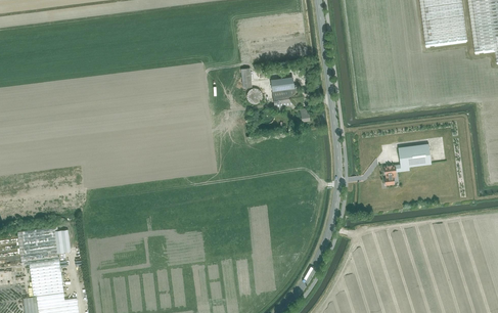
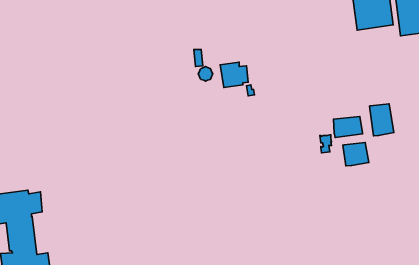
building: none -> [369,104,394,136]
building: none -> [343,142,369,166]

